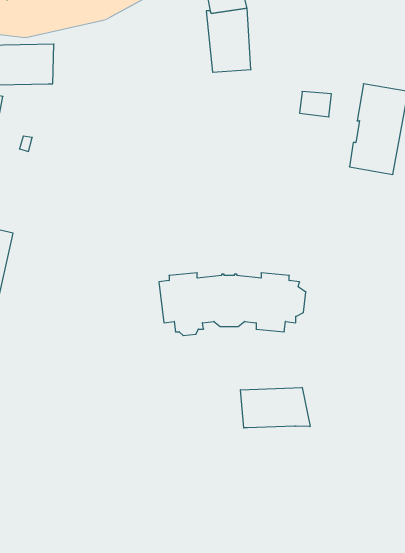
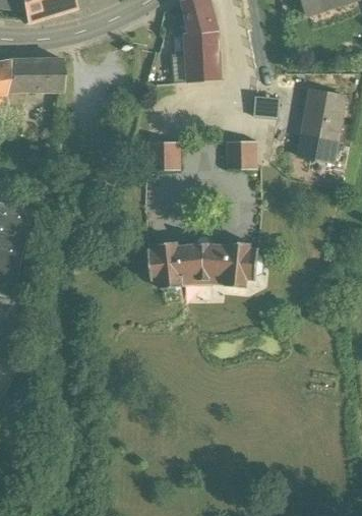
building: none -> [227,139,257,169]
building: none -> [148,140,180,170]
building: [241,387,310,428] -> none

